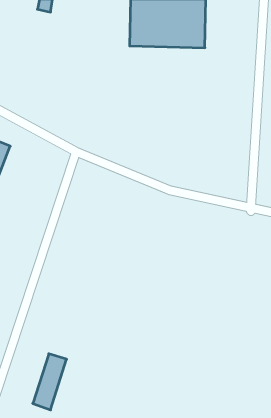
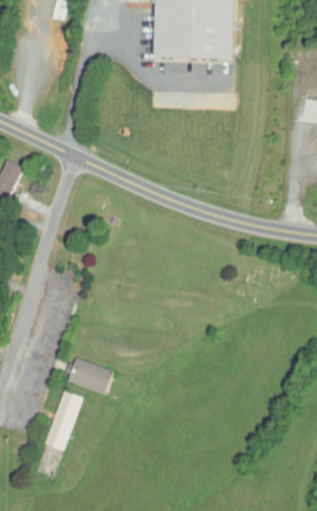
building: none -> [68,356,113,393]

